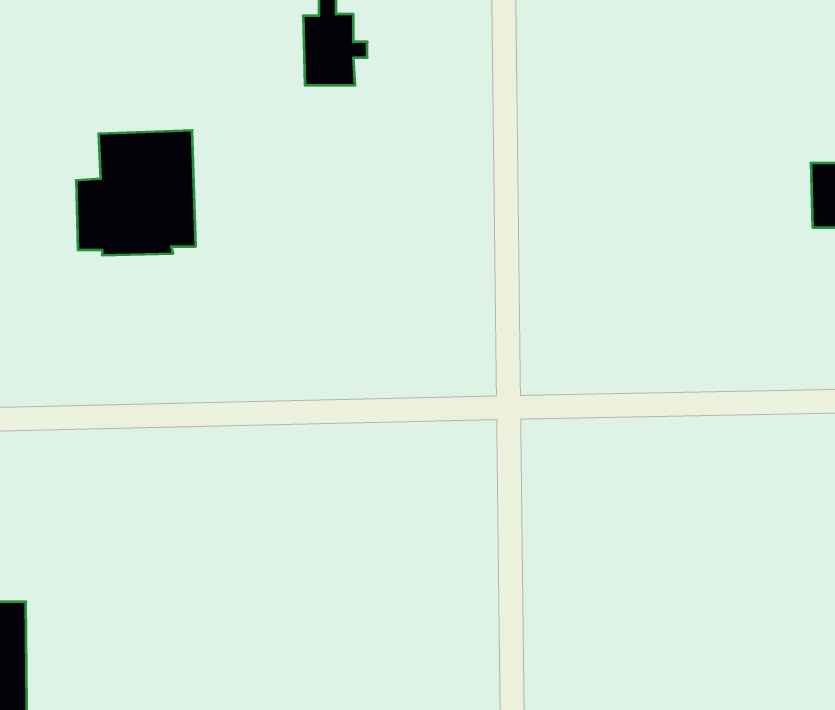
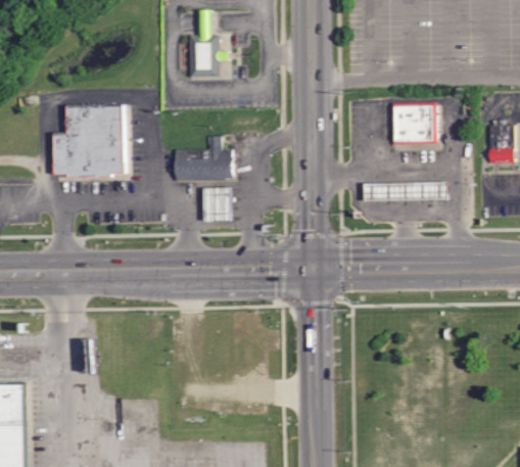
building: none -> [385,101,433,143]
building: none -> [173,138,231,183]
building: none -> [203,187,229,221]

